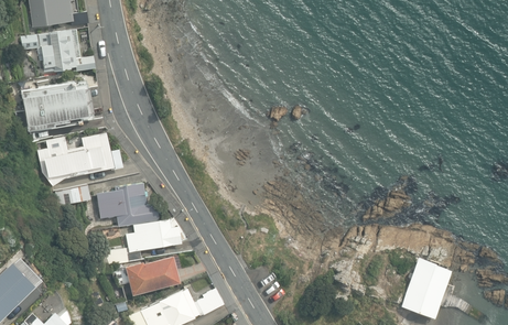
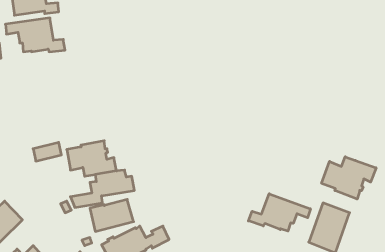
building: [20,80,91,132] -> none
building: [35,132,122,186] -> none
building: none -> [322,157,376,199]
building: none -> [248,194,310,231]

